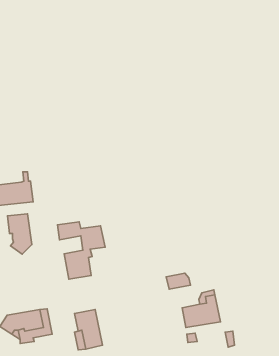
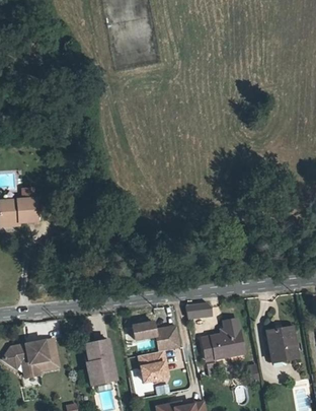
building: [7,214,32,254] -> none
building: [57,222,105,279] -> [130,322,181,384]
building: none -> [264,327,298,361]

